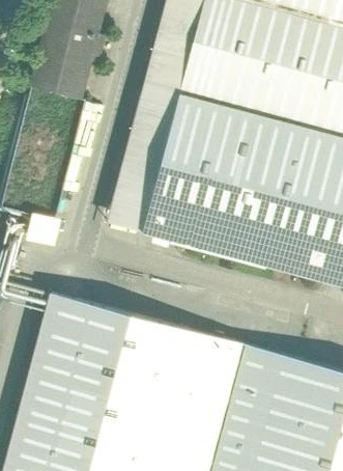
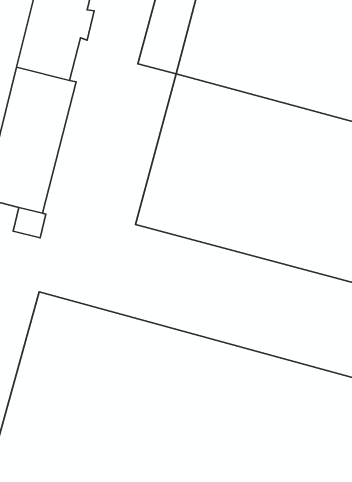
building: [107,83,179,231] -> none

